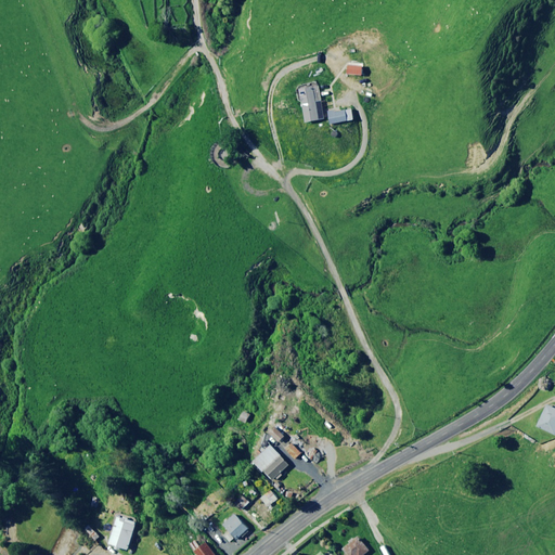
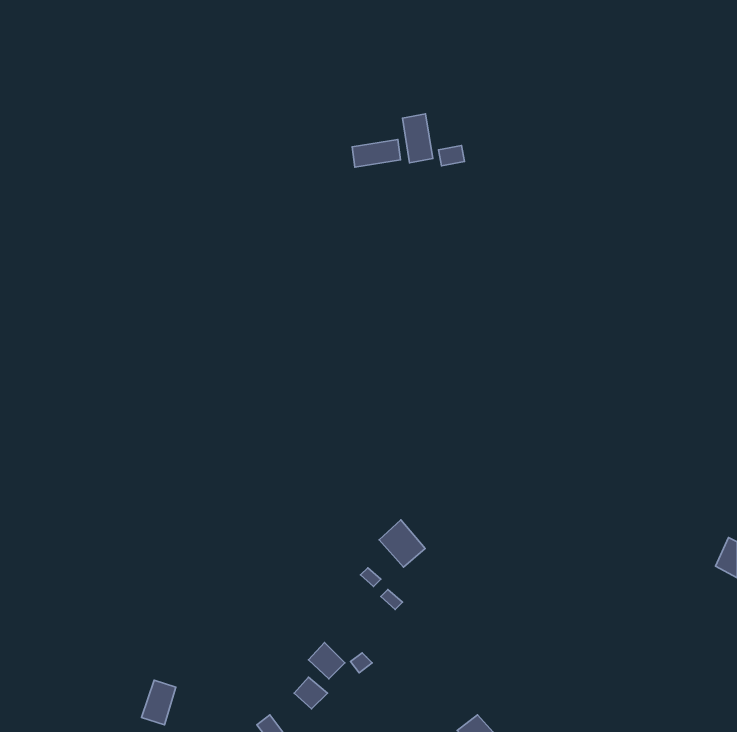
building: none -> [352,140,400,167]
building: [251,441,286,477] -> [379,520,425,567]

